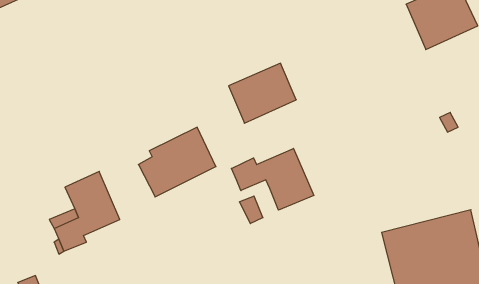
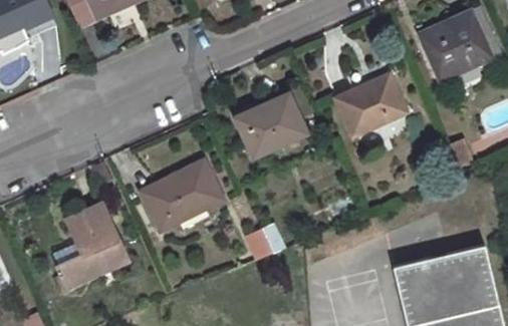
building: none -> [335,74,407,134]
building: [231,148,314,210] -> none

